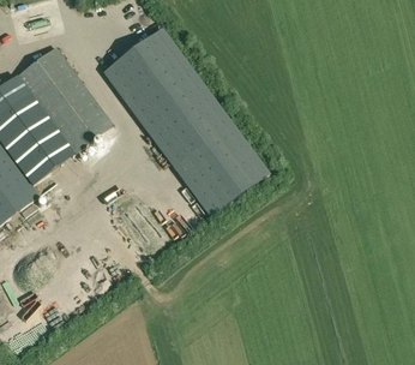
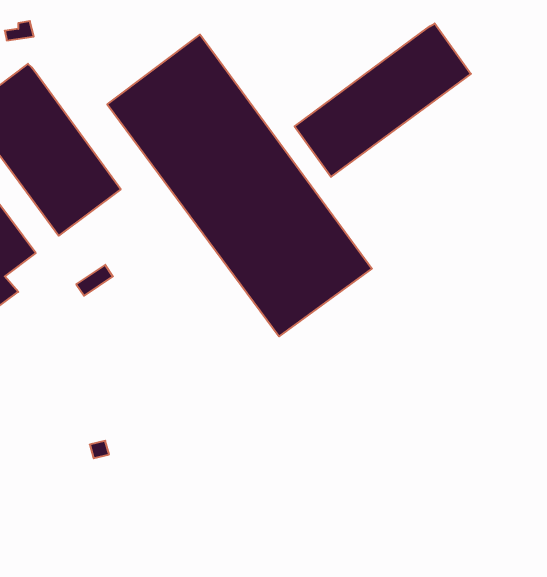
building: none -> [295,23,471,177]

